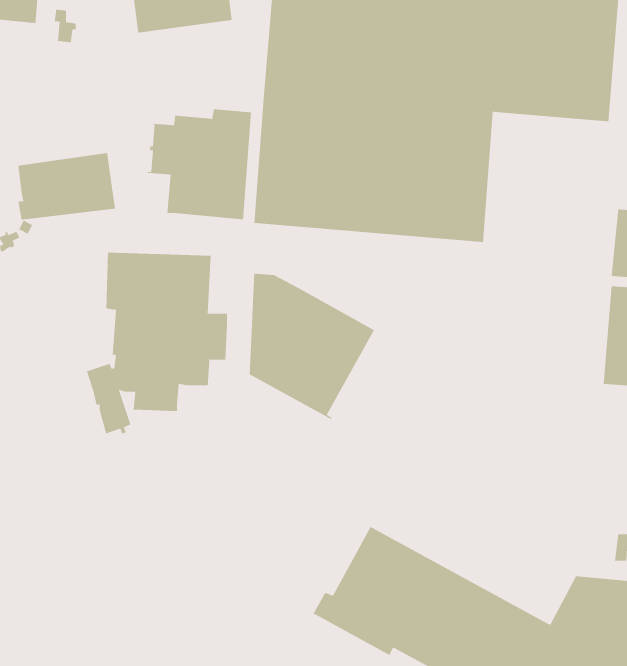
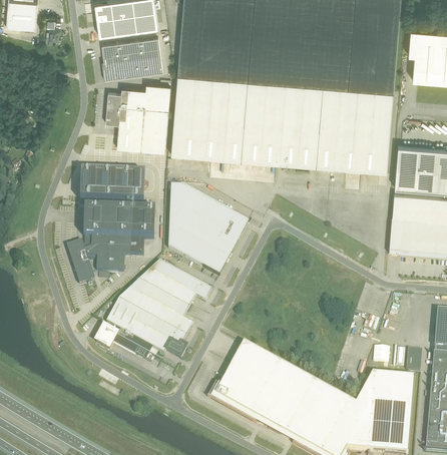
building: none -> [315,83,393,170]
building: [18,153,116,220] -> [102,35,163,77]
building: none -> [96,261,211,357]

